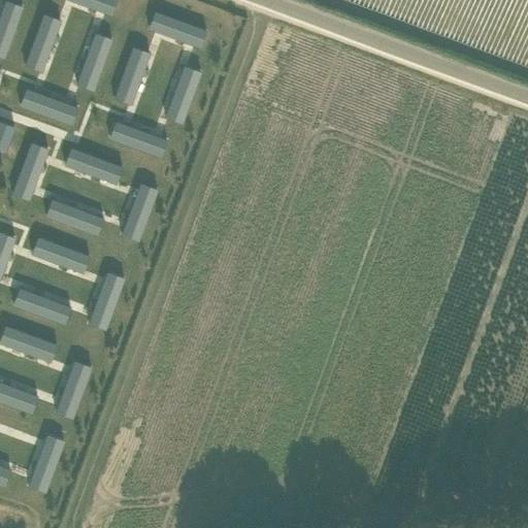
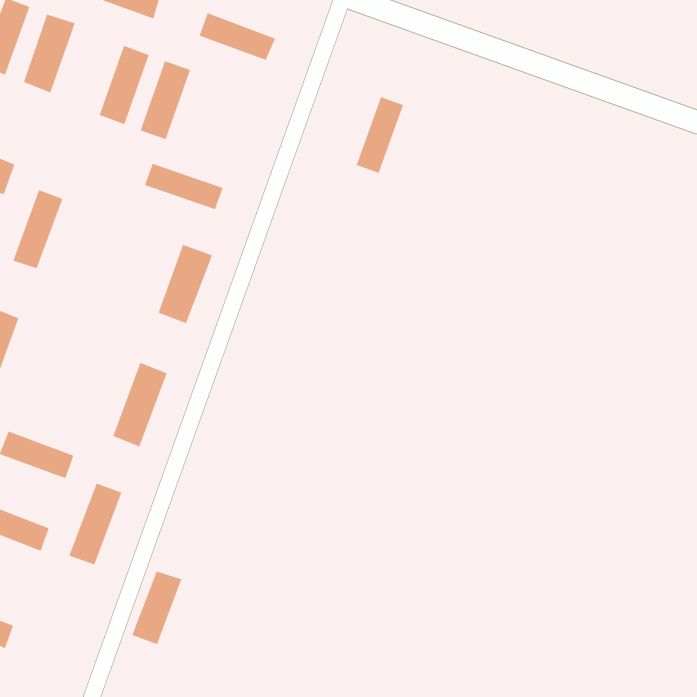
building: [164,68,200,126] -> [356,97,404,173]
building: [15,85,77,123] -> none
building: [66,145,122,182] -> none
building: [45,201,101,236] -> none
building: [33,235,89,271] -> none
building: [13,290,69,325] -> none
building: [26,437,64,493] -> [131,571,182,645]

